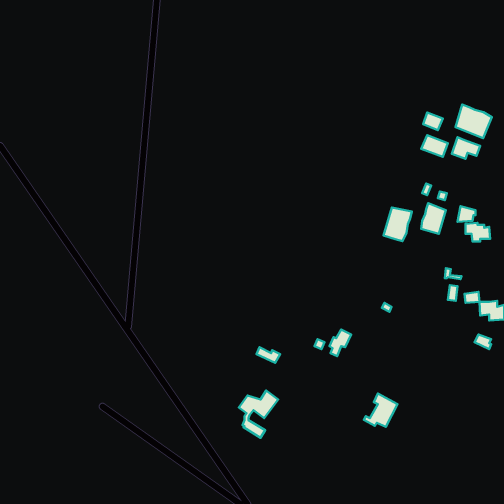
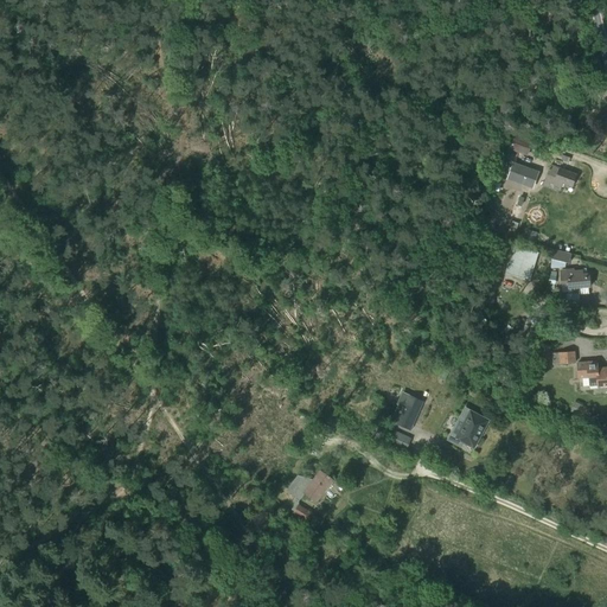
building: [455,105,492,138] -> none
building: [384,208,412,241] -> none
building: [364,393,398,427] -> [448,408,488,448]

